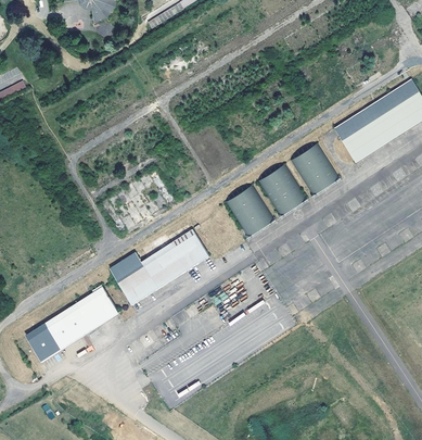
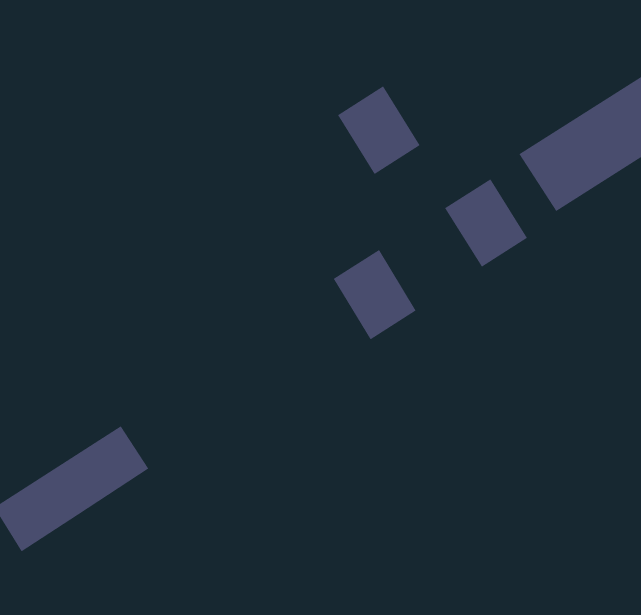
building: [258,164,307,216] -> [337,86,421,175]
building: [110,223,209,304] -> none

